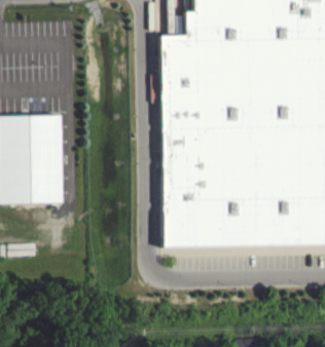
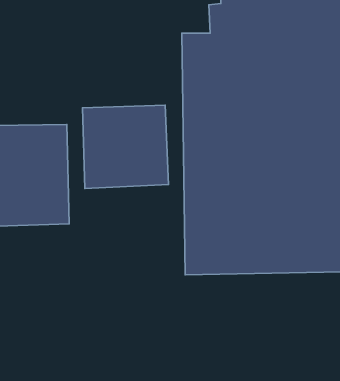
building: none -> [83,105,169,188]

